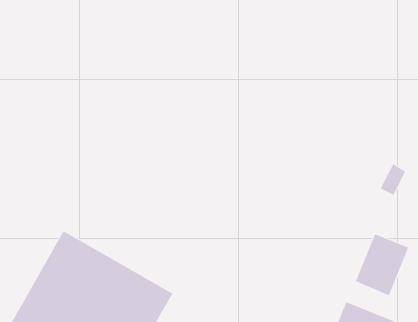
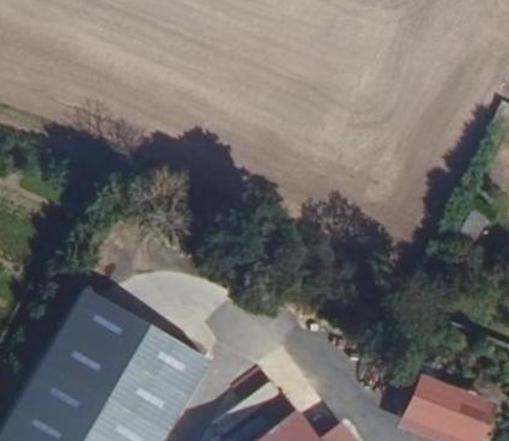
building: [355,234,409,296] -> none

